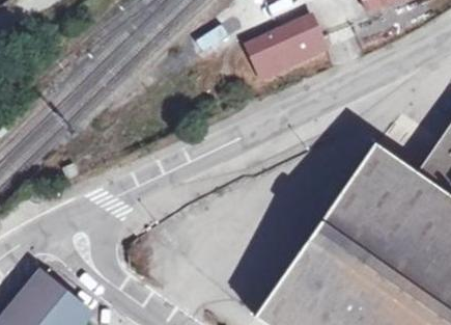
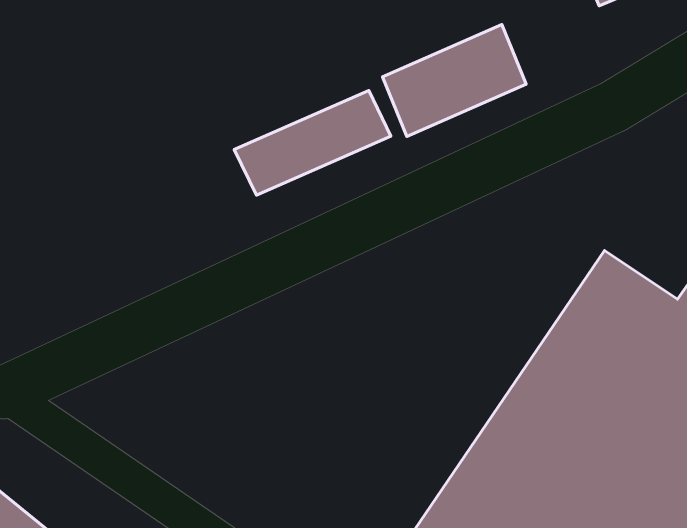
building: none -> [234,90,391,195]

